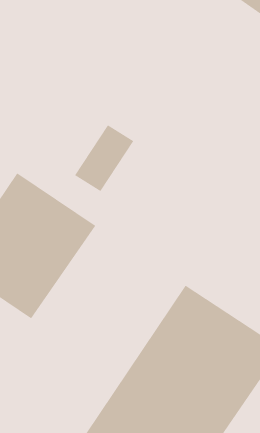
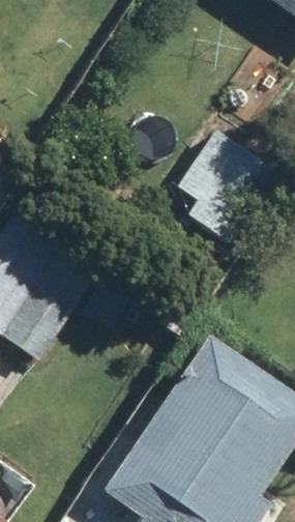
building: none -> [170,135,278,257]

